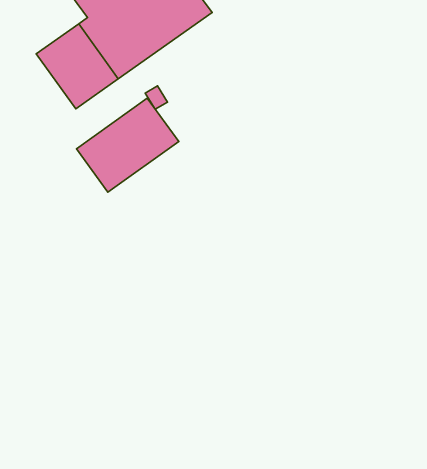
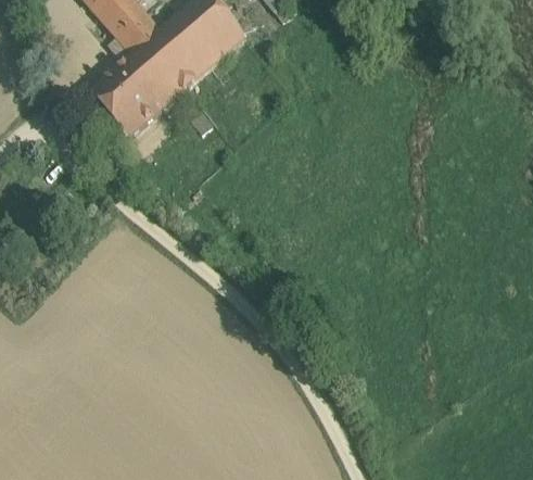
building: [76,98,179,192] -> none

